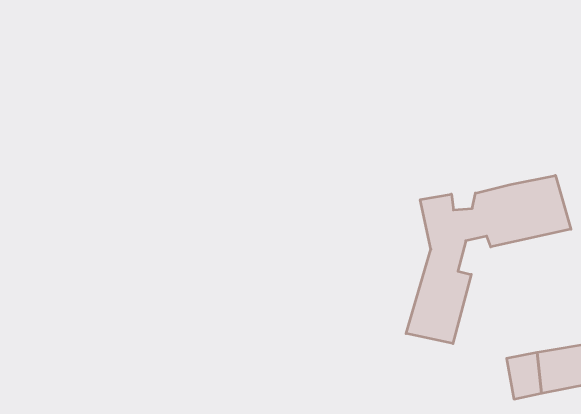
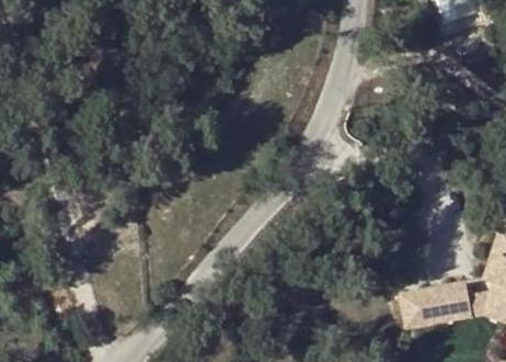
building: [406,175,571,344] -> none

